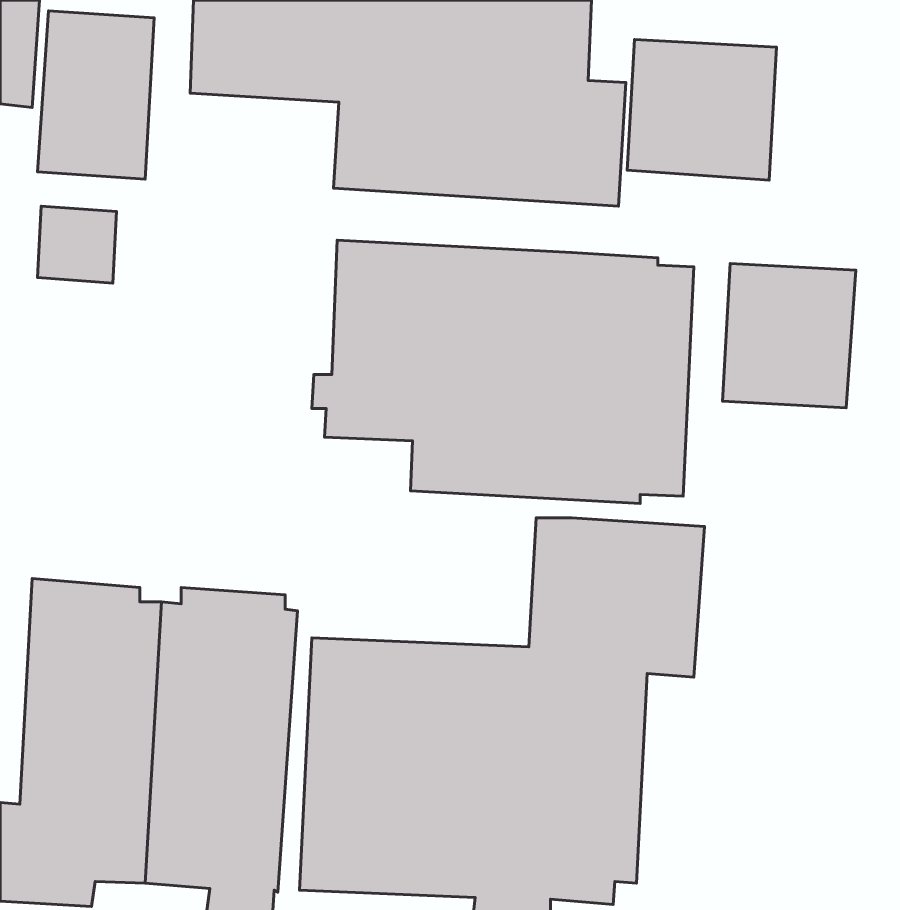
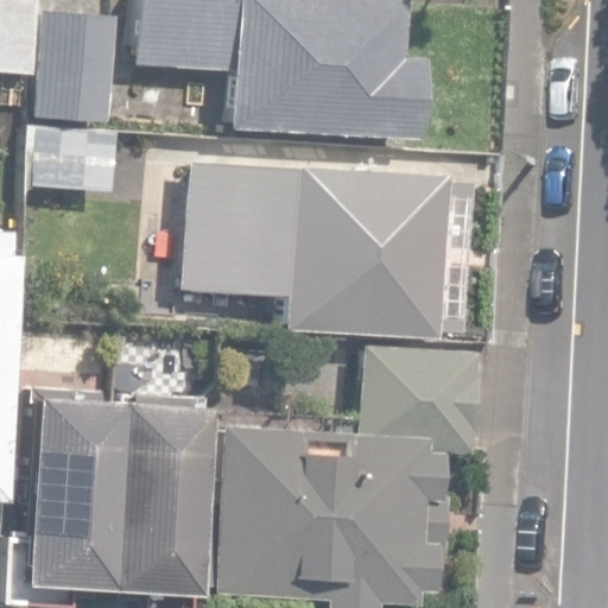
building: [627,39,776,180] -> none
building: [723,263,856,408] -> none

